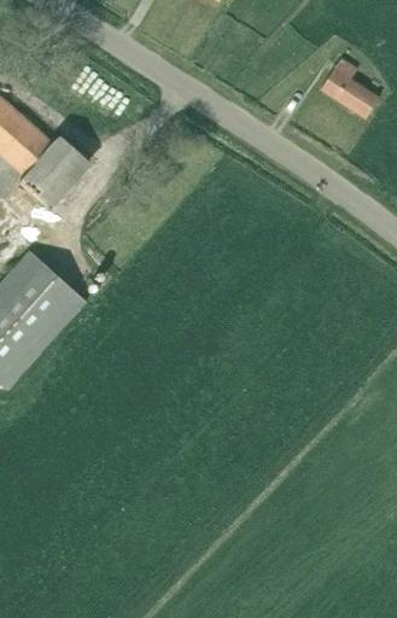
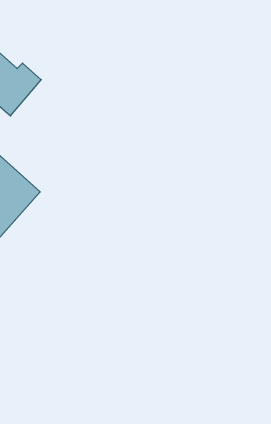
building: [322,59,380,118] -> none

